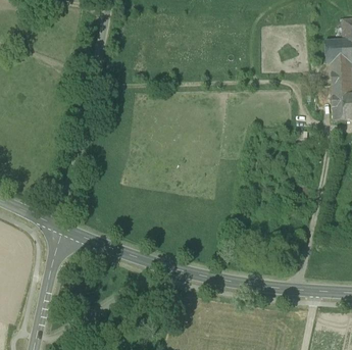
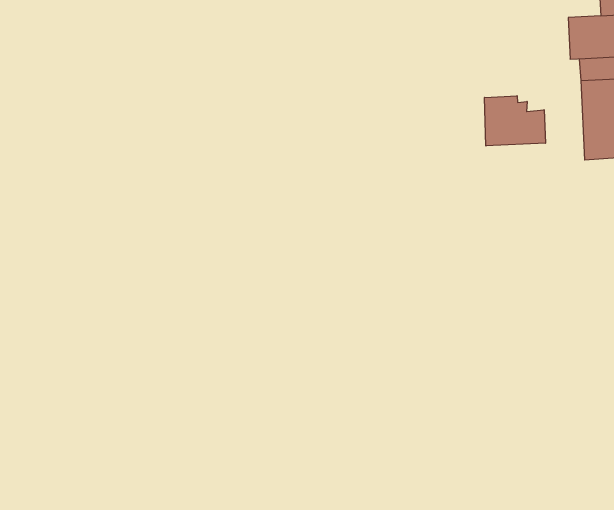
building: none -> [485,96,545,146]

